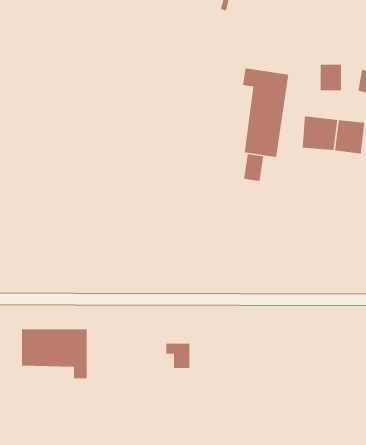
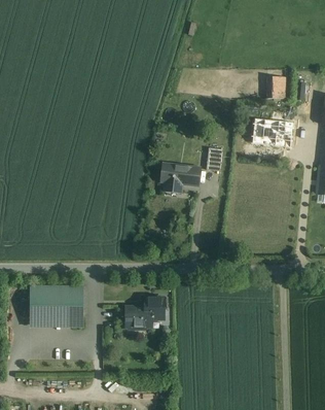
building: [242,67,289,158] -> none
building: none -> [161,163,201,192]
building: none -> [127,307,151,329]

